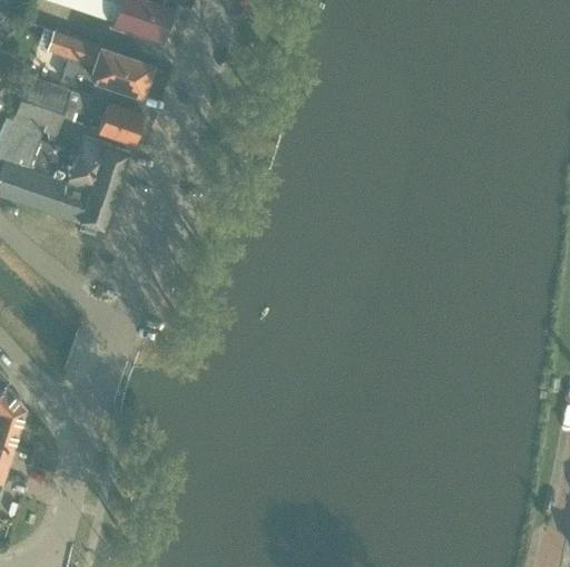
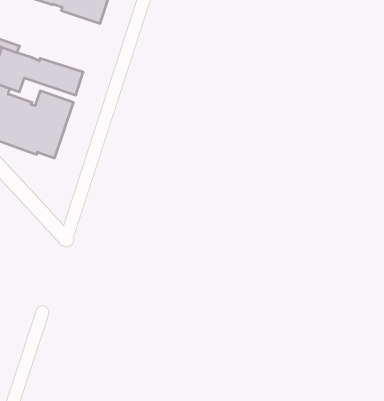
building: [36,28,149,104] -> none

